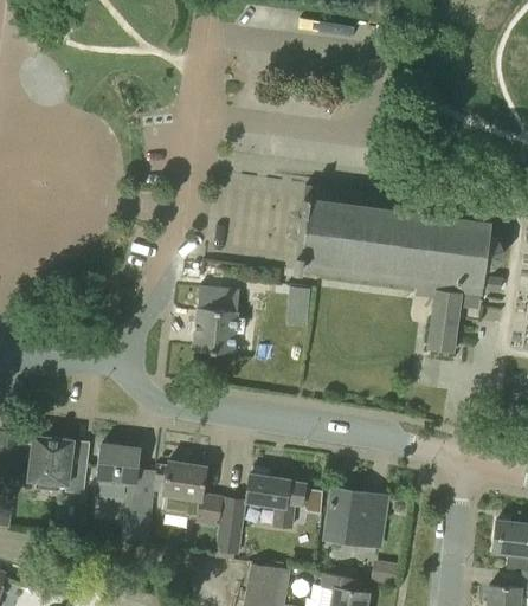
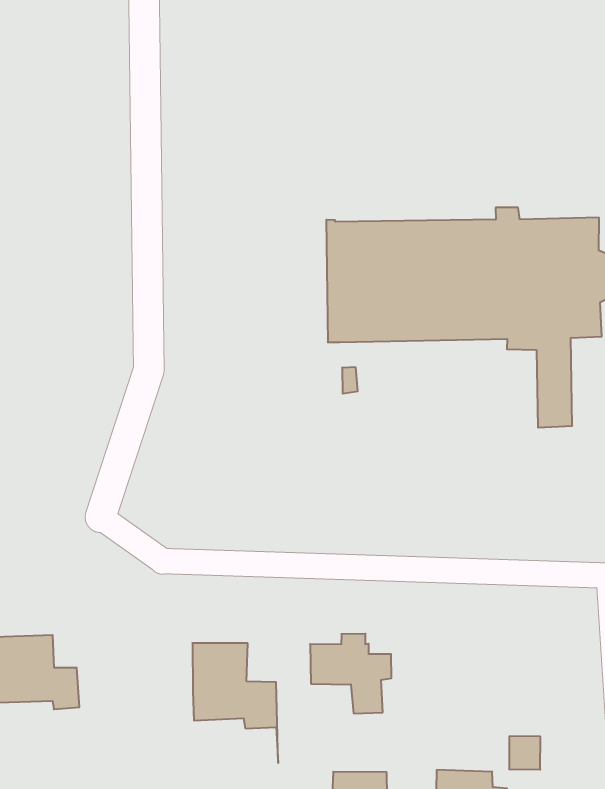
building: [193,286,240,354] -> none
building: [99,444,157,542] -> none
building: [327,488,381,548] -> none
building: [215,497,245,555] -> none

